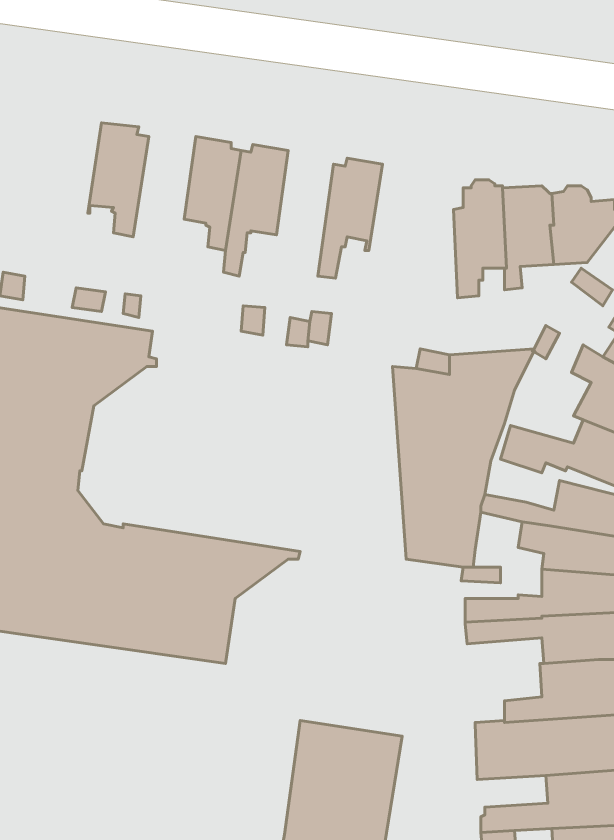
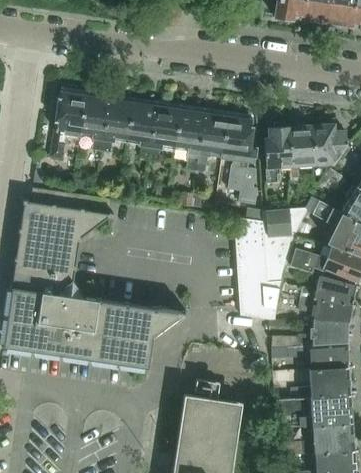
building: none -> [52,90,86,158]
building: none -> [101,98,134,161]
building: none -> [175,108,204,172]
building: none -> [222,115,258,205]

